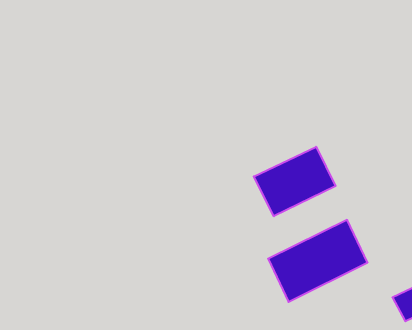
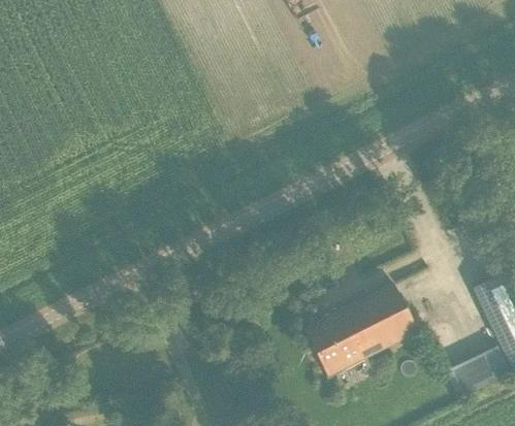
building: [254,147,336,216] -> none

